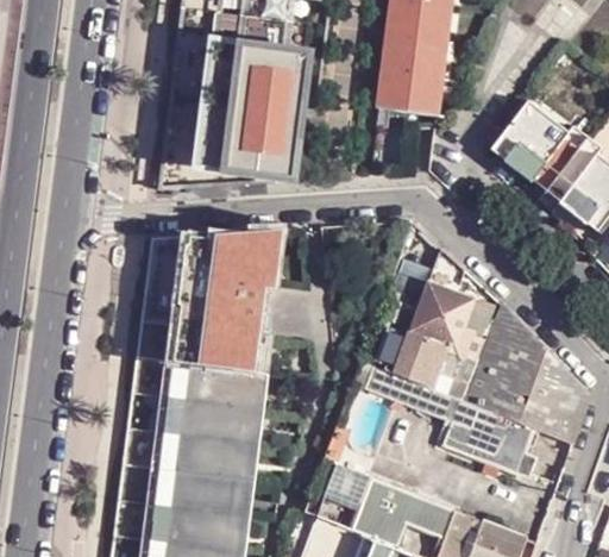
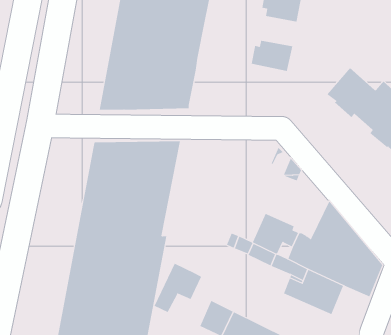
building: [382,38,441,80] -> none
building: [412,280,494,355] -> none
building: none -> [154,263,202,313]

